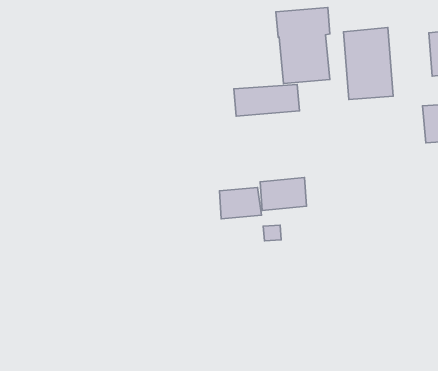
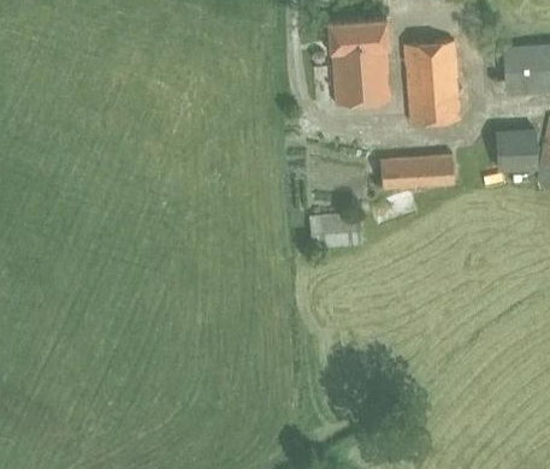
building: [234,84,299,116] -> [380,155,455,191]
building: [220,187,261,219] -> none

